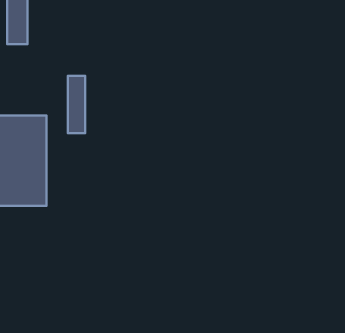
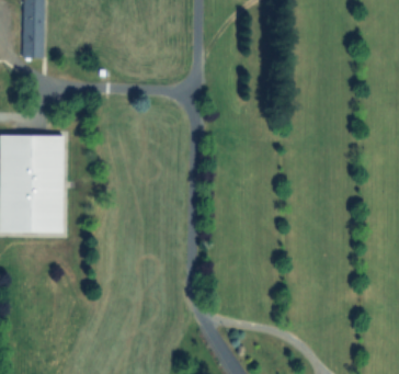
building: [68,76,85,133] -> none

